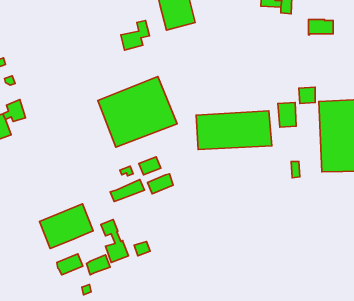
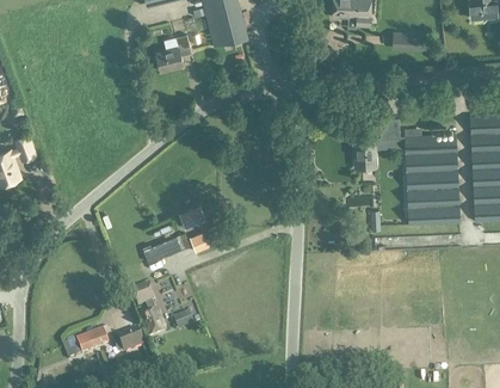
building: [98,77,177,147] -> none
building: [196,111,272,150] -> none
building: [40,204,93,249] -> none

